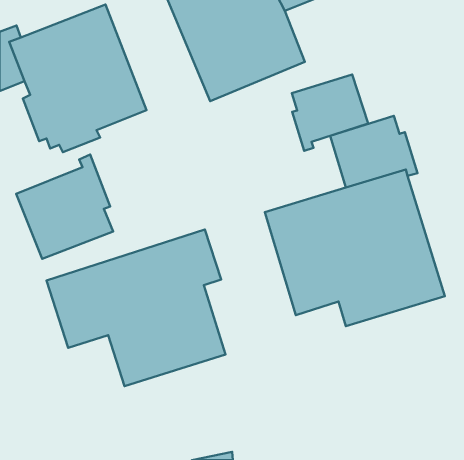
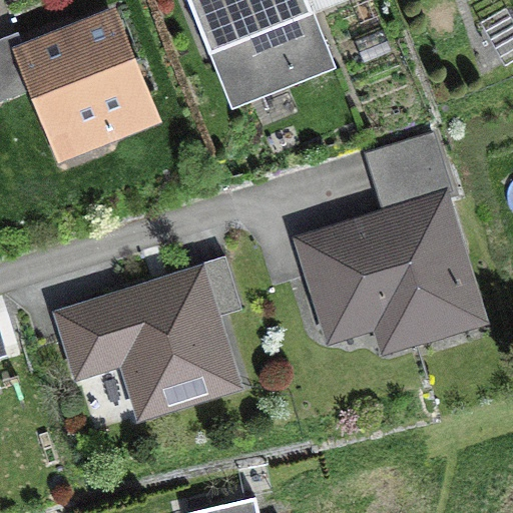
building: [292,75,368,151] -> none
building: [16,155,113,259] -> none

